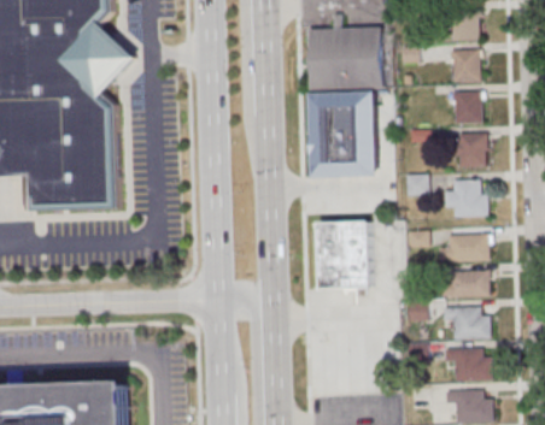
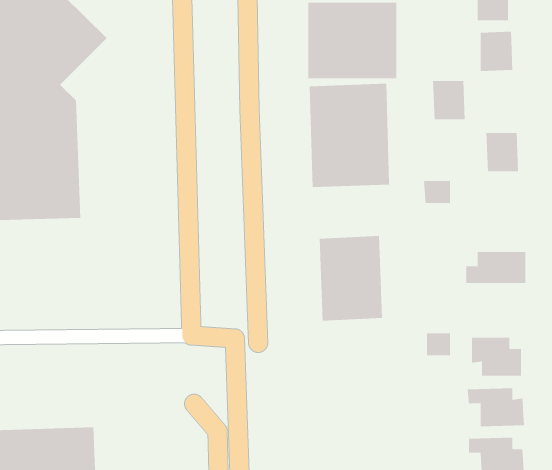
building: [455,93,482,125] -> [432,81,466,120]
building: [453,181,487,217] -> none
building: [445,270,490,296] -> none

